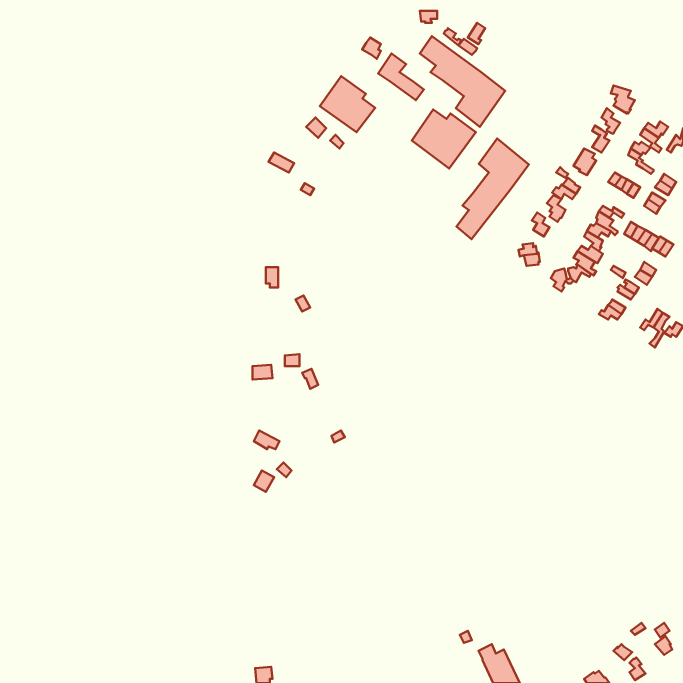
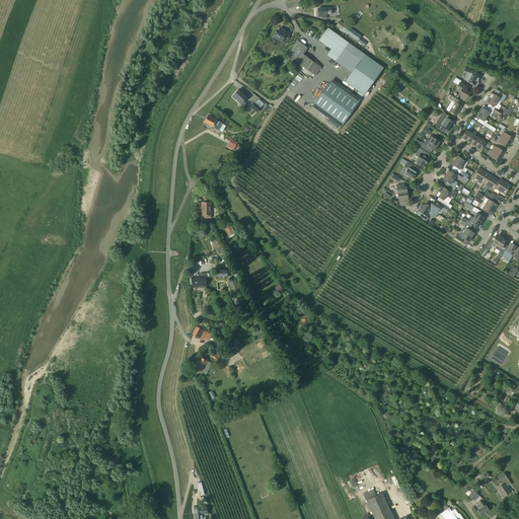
building: [320,76,375,132] -> none
building: [457,139,529,239] -> none

